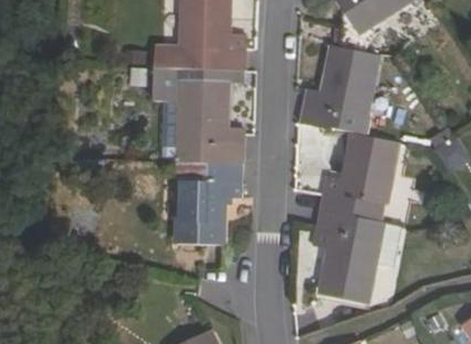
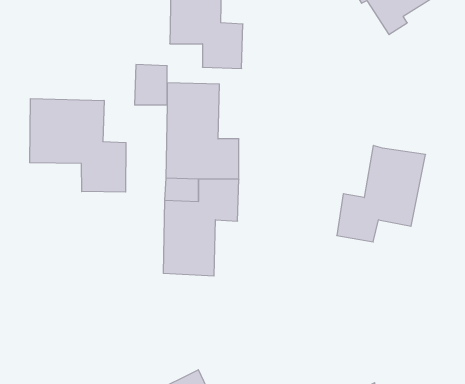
building: [301,48,376,137] -> none
building: none -> [30,99,126,192]
building: [316,212,384,304] -> none

